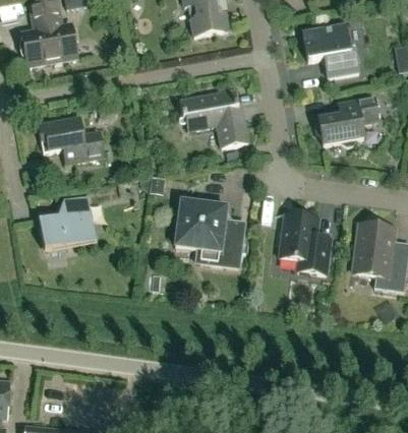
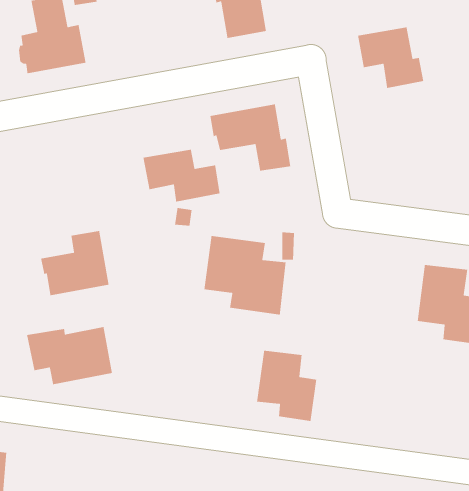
building: [315,96,378,145] -> none
building: [39,118,104,163] -> [143,149,221,202]
building: [280,213,331,273] -> [256,350,317,422]
building: none -> [26,326,113,385]

